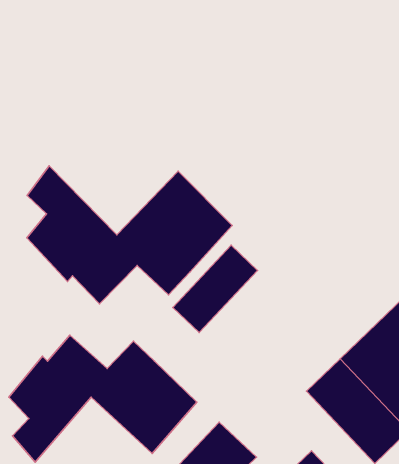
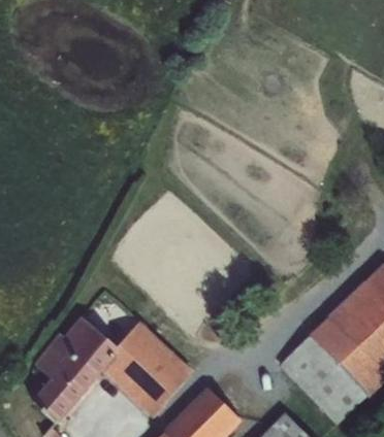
building: [27,166,232,304] -> none
building: [173,245,258,333] -> none

